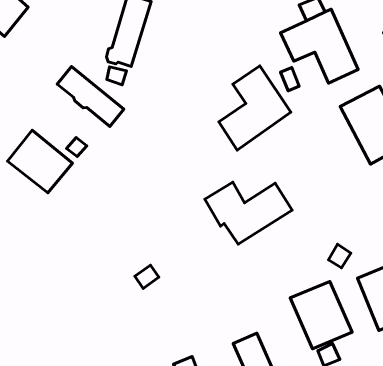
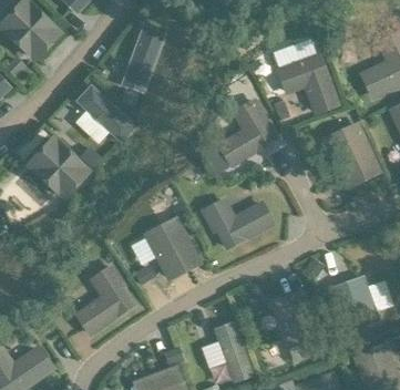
building: none -> [143,215,203,281]
building: none -> [73,263,135,337]

